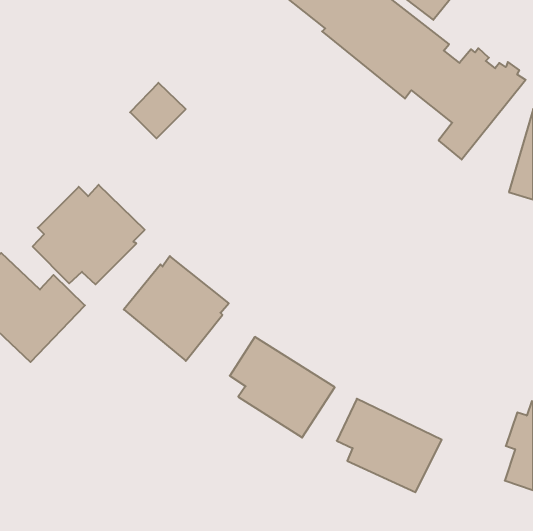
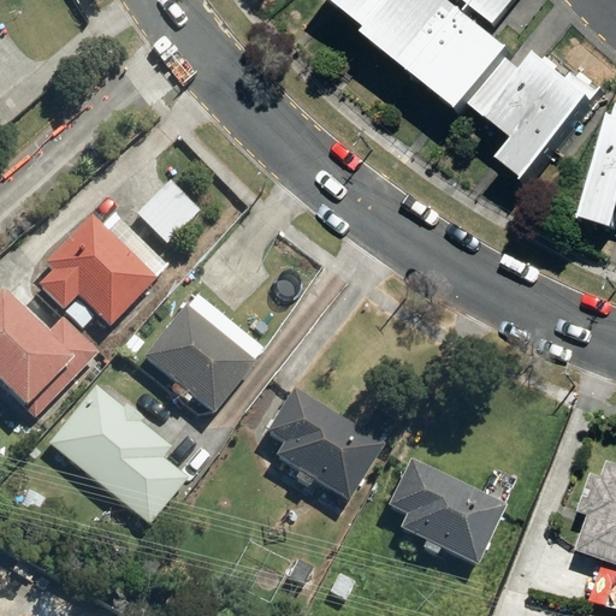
building: [130,83,186,138] -> [135,178,199,242]
building: none -> [46,384,186,523]

